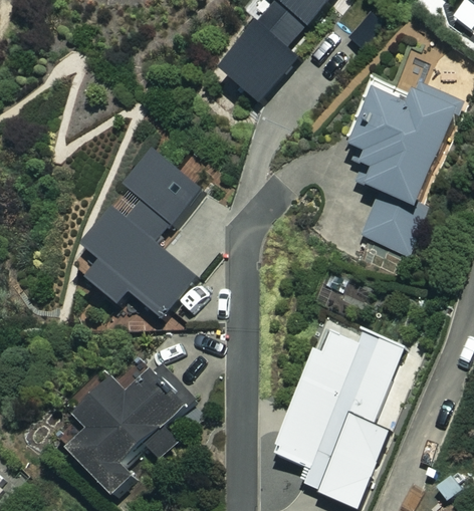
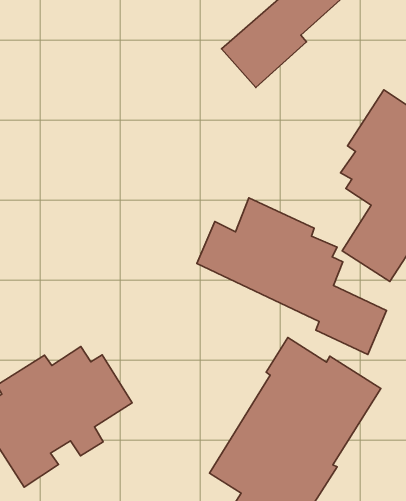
building: [85,157,201,318] -> none
building: none -> [197,198,386,354]

